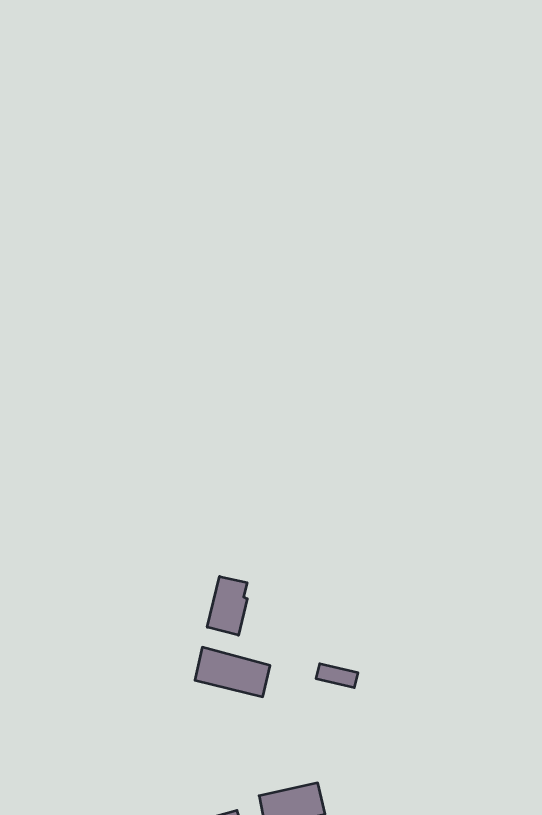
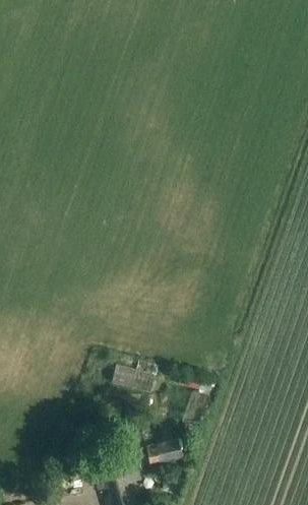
building: [207,576,247,635] -> none

